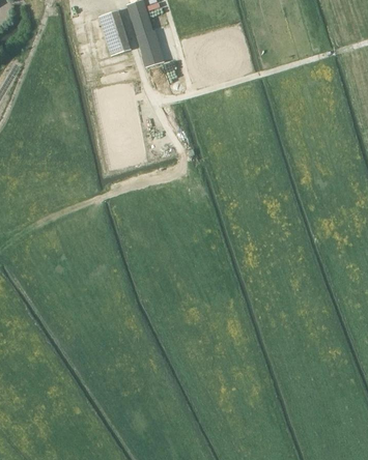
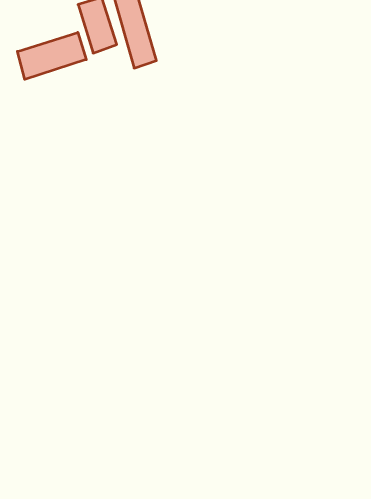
building: none -> [17,32,86,79]

